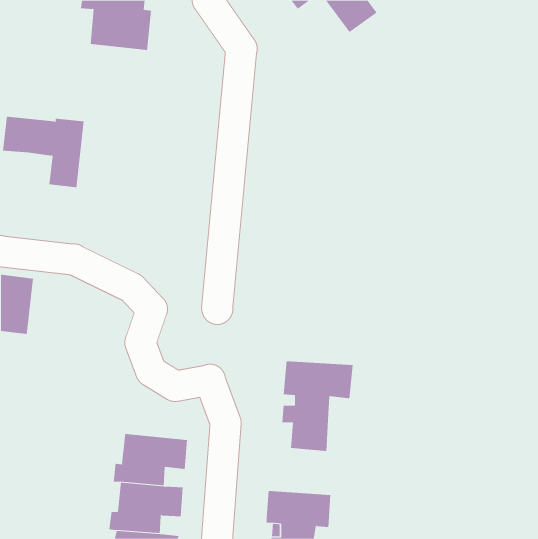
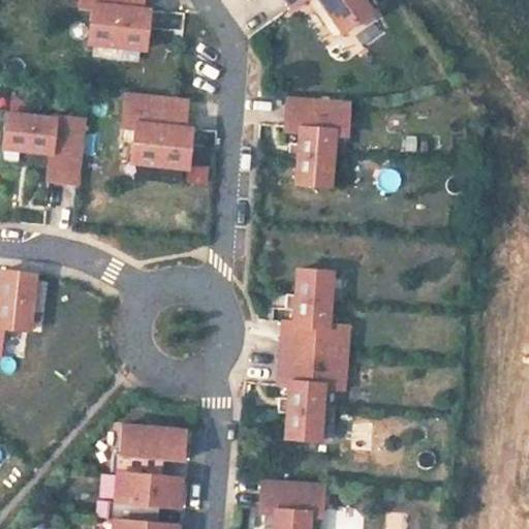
building: none -> [123,94,193,168]
building: none -> [285,99,350,186]
building: none -> [281,270,348,357]

